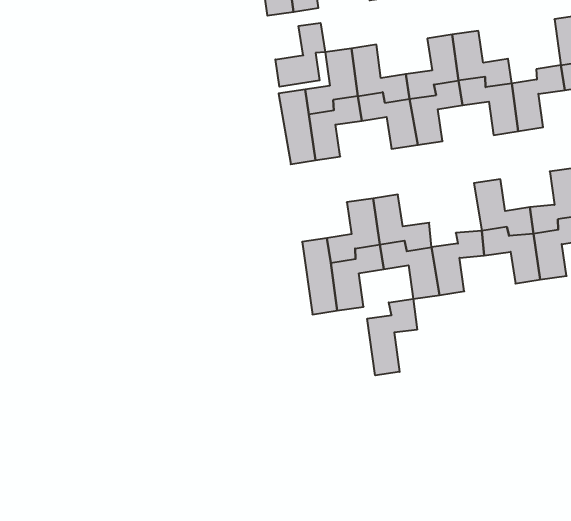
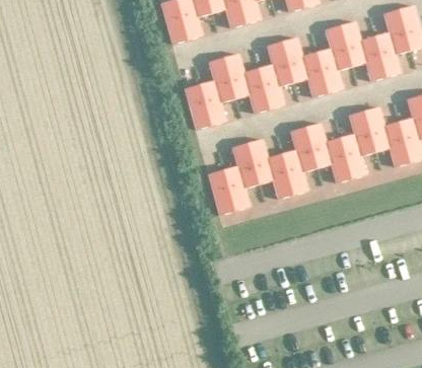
building: none -> [316,25,348,66]
building: [275,23,325,87] -> none
building: none -> [282,127,313,167]
building: [367,299,417,375] -> none

